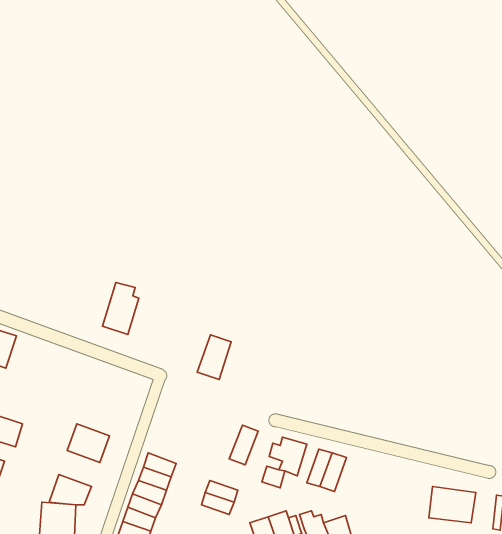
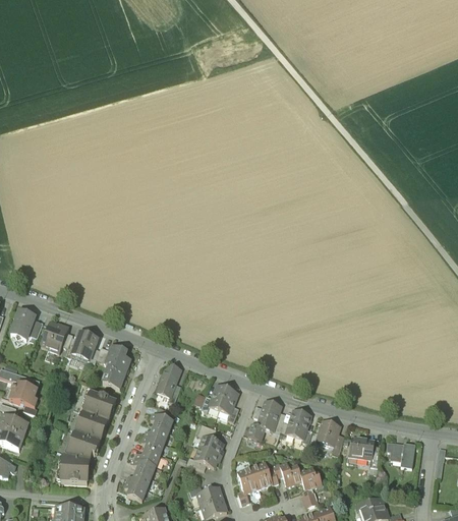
building: [103,283,139,334] -> [100,346,130,390]
building: [197,335,231,379] -> [154,362,182,400]
building: none -> [42,316,69,350]
building: none -> [69,330,100,364]
building: none -> [204,384,229,417]
building: none -> [74,410,109,441]
building: none -> [313,418,344,450]
building: none -> [349,436,376,464]

